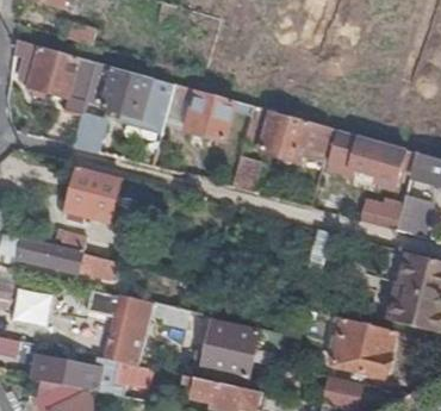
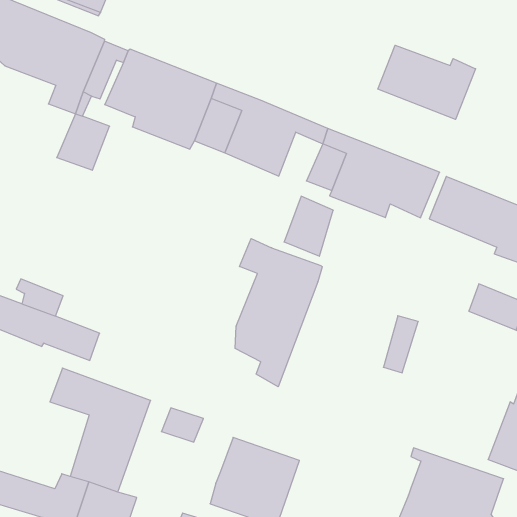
building: none -> [378,45,476,119]
building: [64,164,120,220] -> none
building: none -> [235,239,322,387]

